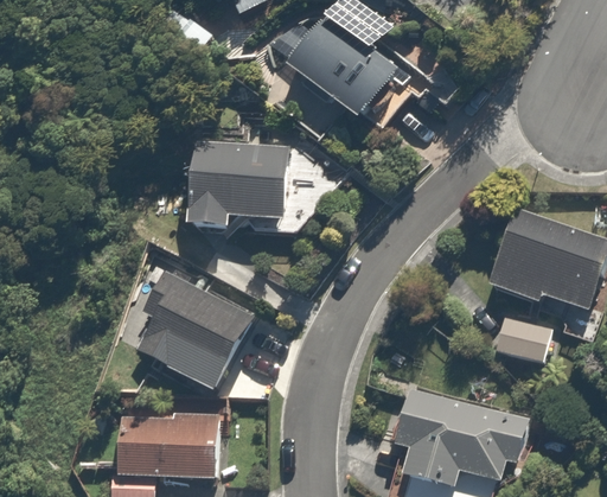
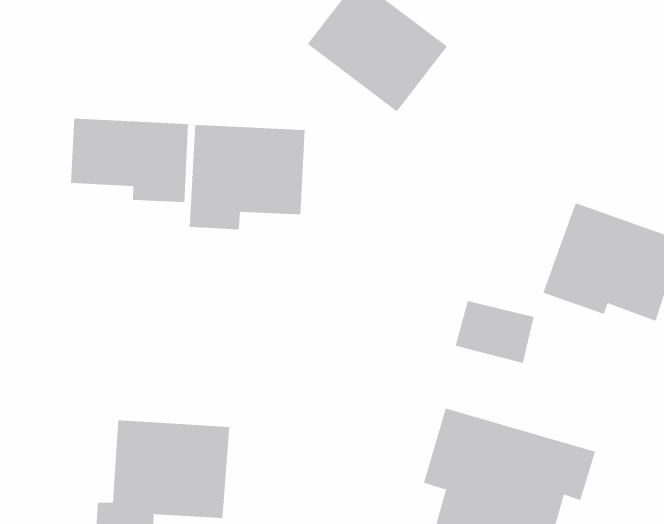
building: none -> [71,118,188,203]
building: [135,268,256,384] -> none
building: [490,312,558,367] -> [455,301,534,363]

